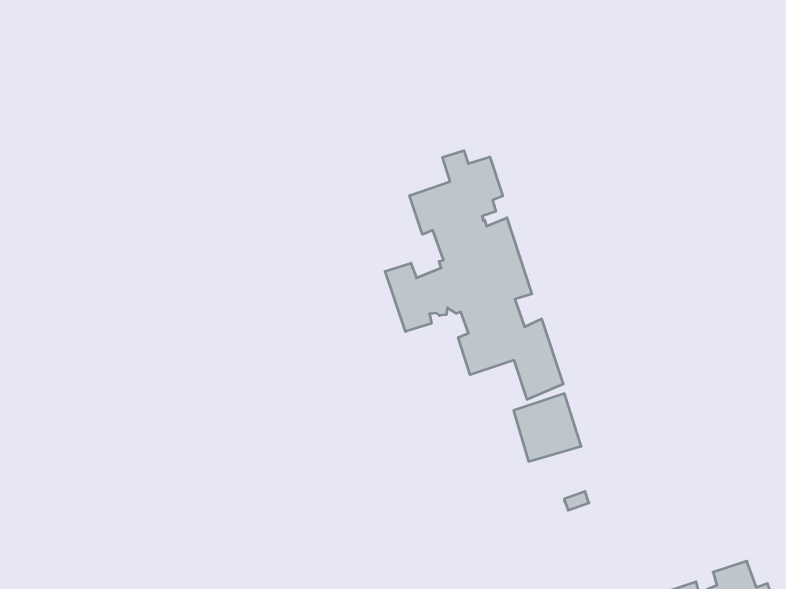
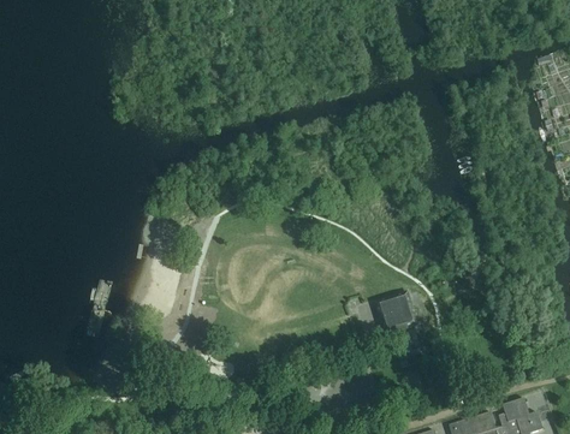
building: [385,151,563,399] -> none

